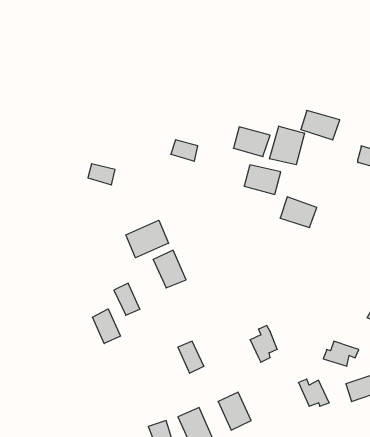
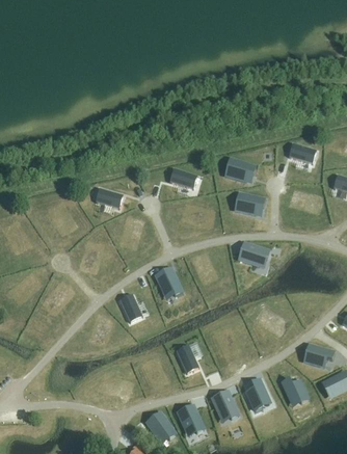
building: [270,126,305,165] -> none
building: [280,197,317,228] -> [238,240,270,267]
building: [126,220,169,258] -> none
building: [93,309,121,344] -> none
building: [250,326,277,362] -> [245,378,269,410]

